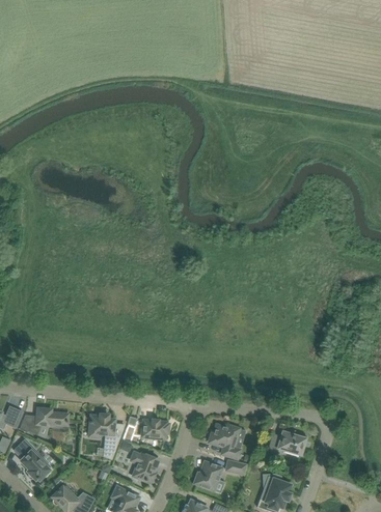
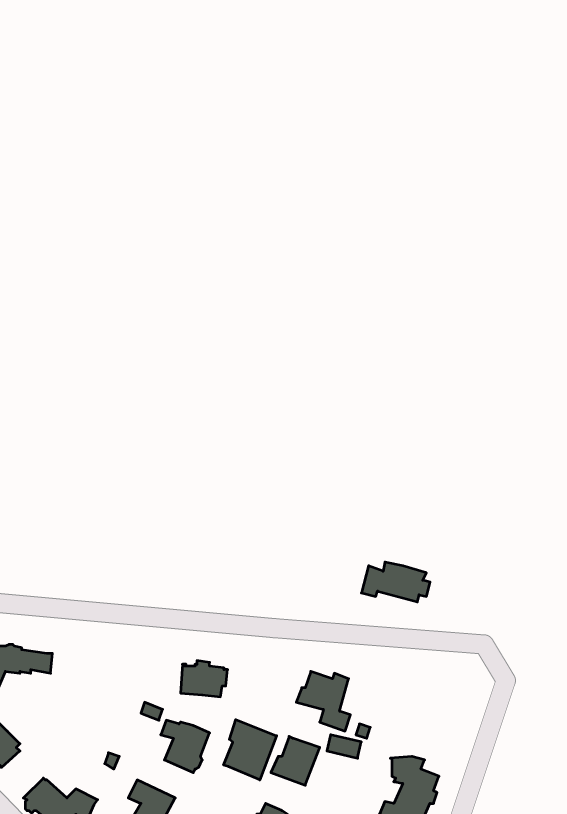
building: [88,414,124,458] -> none
building: [268,431,307,454] -> [361,562,430,602]
building: none -> [224,720,277,780]

